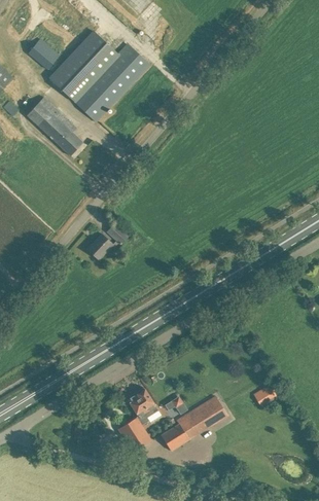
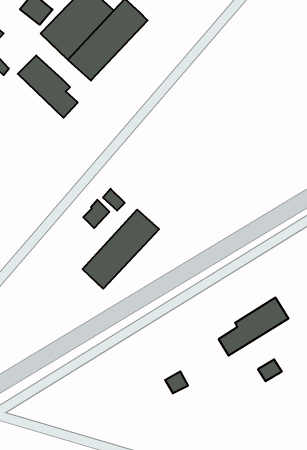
building: none -> [83,210,159,289]
building: [117,387,157,453] -> none
building: [161,396,226,451] -> [219,298,289,356]

